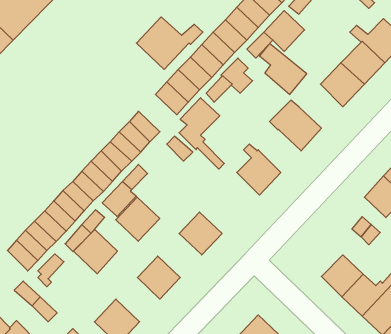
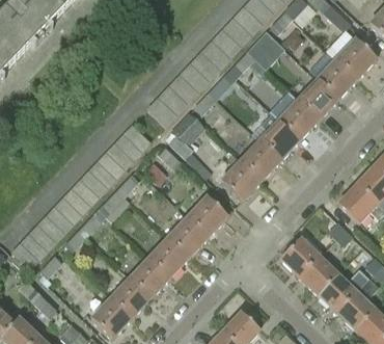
building: [136,17,203,69] -> none
building: none -> [279,99,320,139]
building: none -> [242,140,281,180]
building: none -> [188,195,228,236]
building: [116,197,160,241] -> [149,236,190,276]
building: [73,230,117,274] -> [111,276,152,317]
building: none -> [281,237,320,275]

